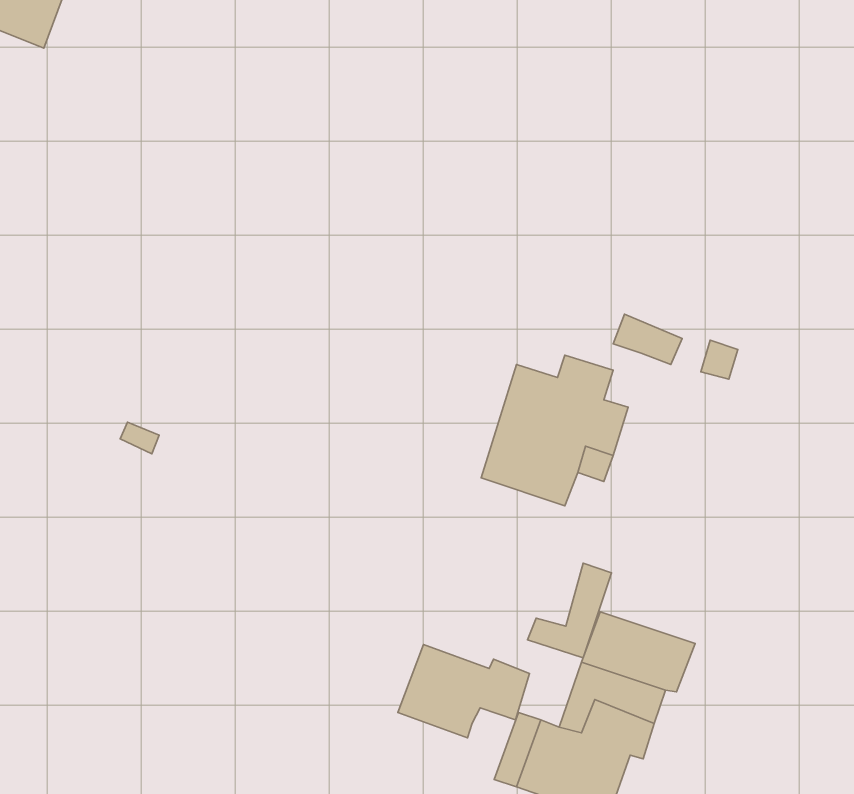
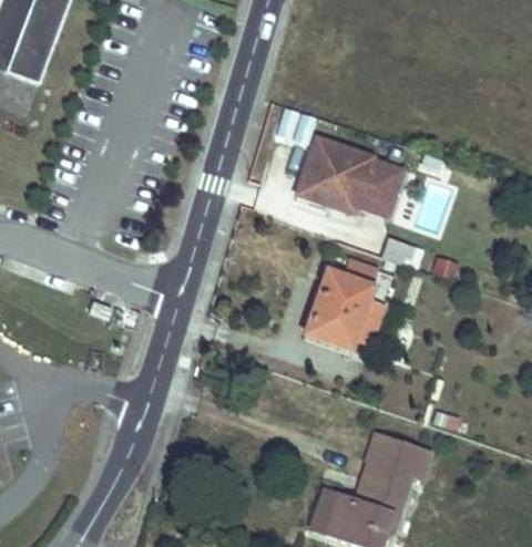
building: none -> [289,135,406,217]
building: [527,563,612,658] -> none
building: [398,644,530,738] -> none

